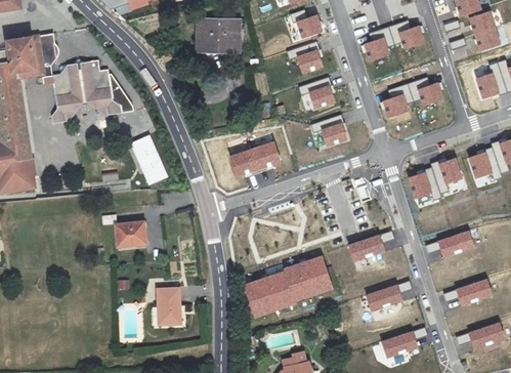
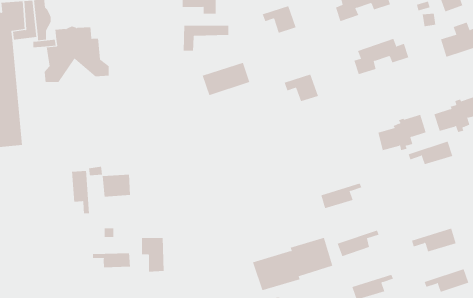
building: none -> [183,25,229,51]
building: [298,79,334,109] -> none
building: [130,135,167,184] -> none
building: [229,142,281,178] -> [202,62,250,96]
building: none -> [72,170,90,214]
building: [425,231,473,256] -> [408,141,453,165]
building: [244,258,330,316] -> [252,237,333,291]
building: none -> [92,252,130,268]

